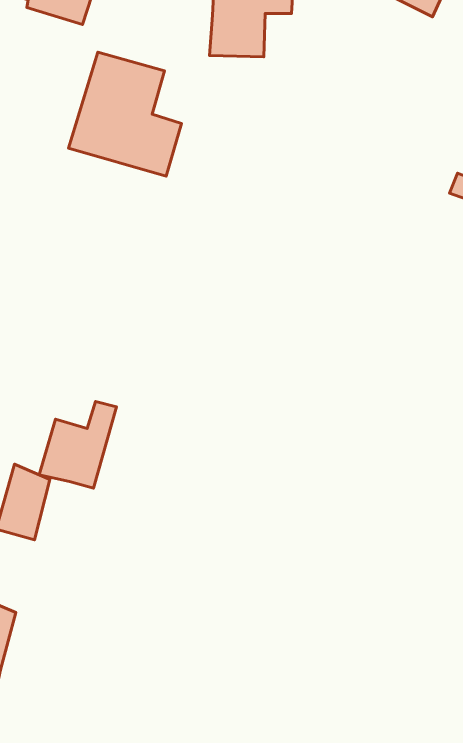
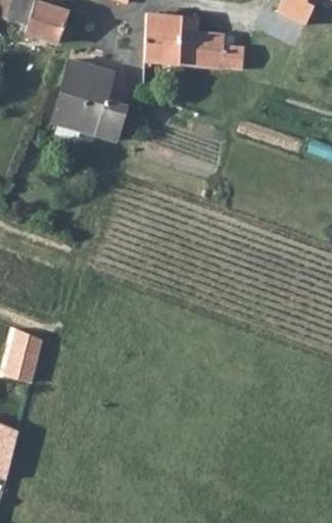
building: none -> [182,34,247,65]
building: [39,402,116,488] -> none

